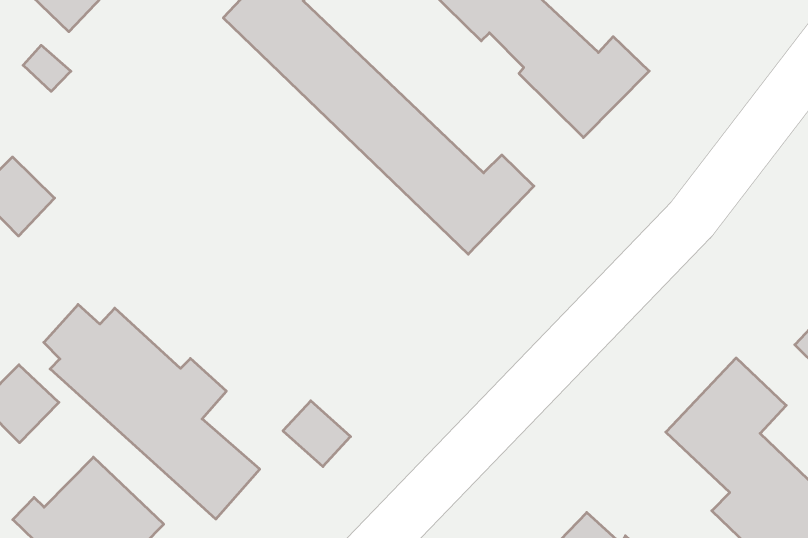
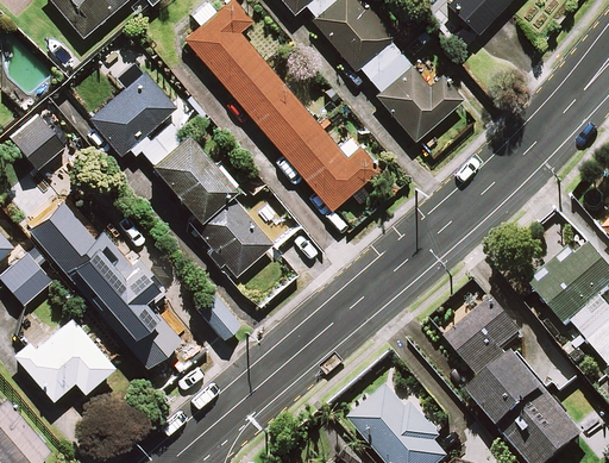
building: none -> [88,55,275,275]

